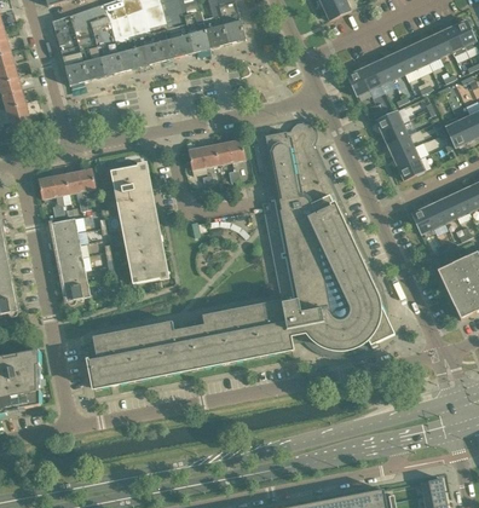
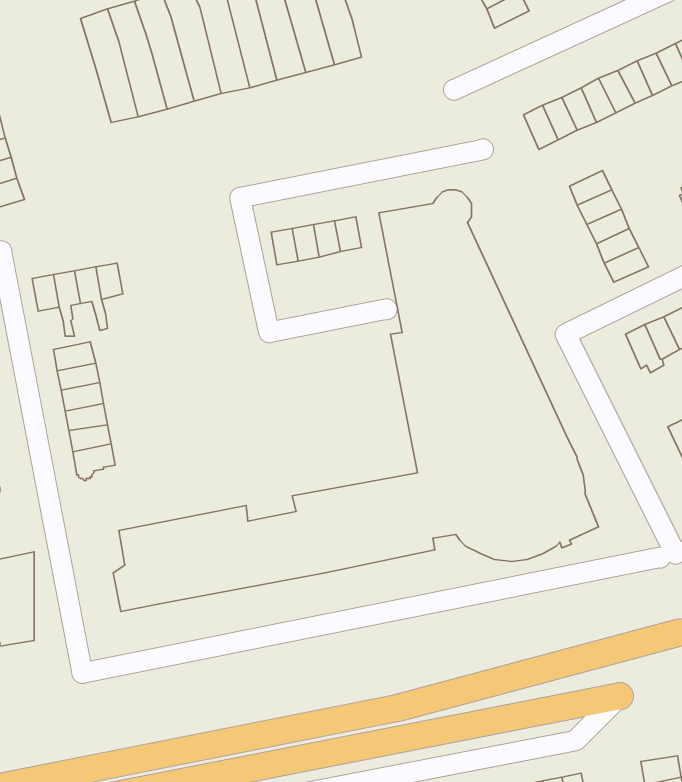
building: [52,15,87,85] -> none
building: [110,163,166,283] -> none

